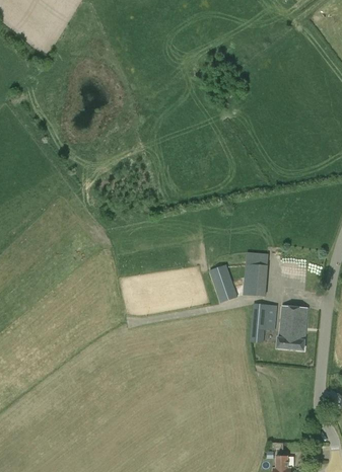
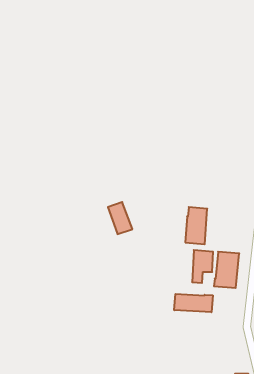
building: [209,263,238,302] -> [108,202,132,234]
building: none -> [174,294,213,312]

